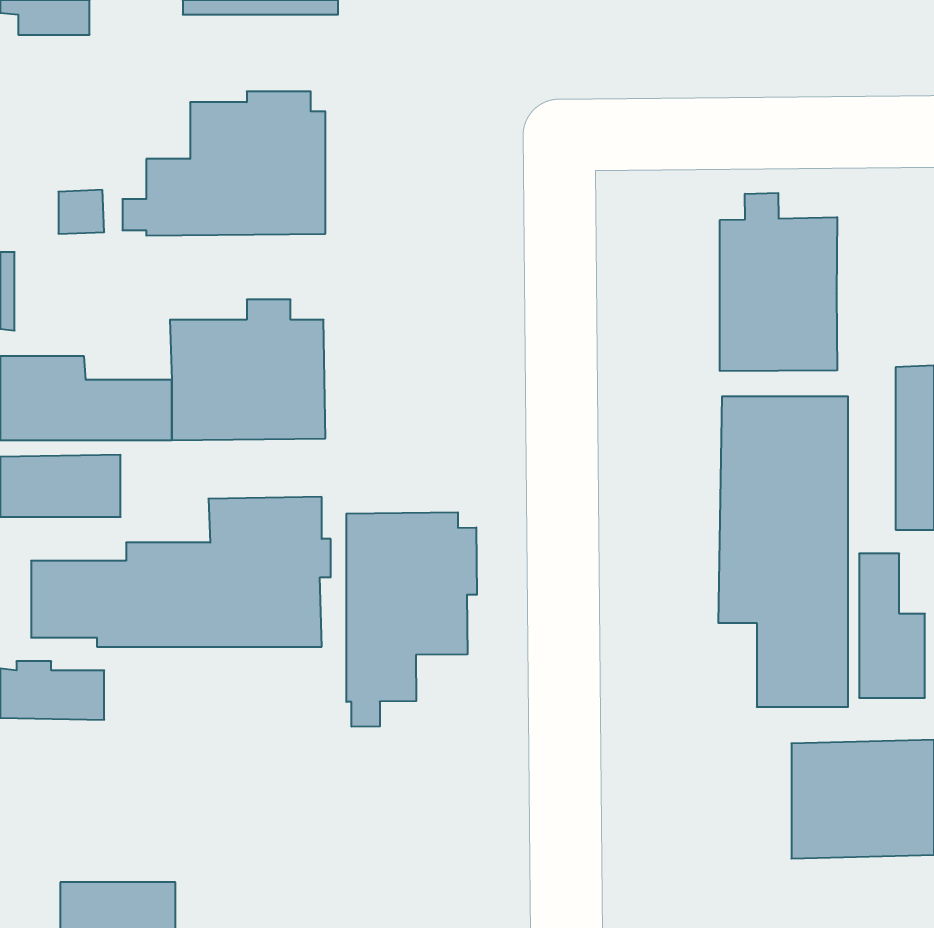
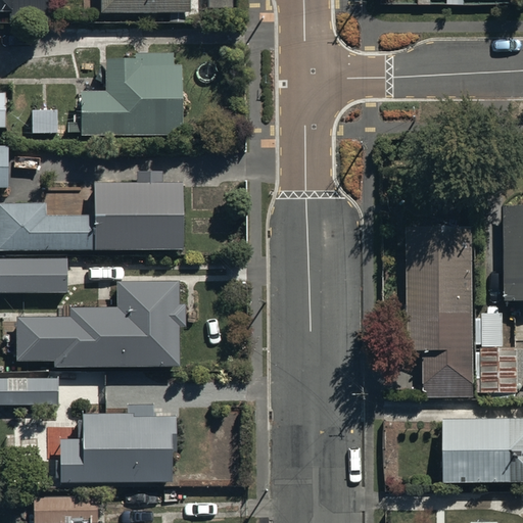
building: [720,193,837,371] -> none
building: [346,512,477,727] -> none
building: none -> [60,403,176,481]

